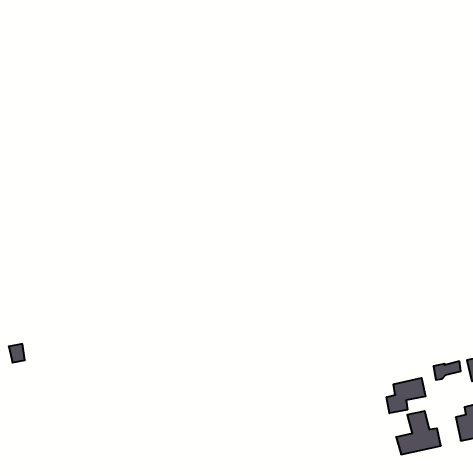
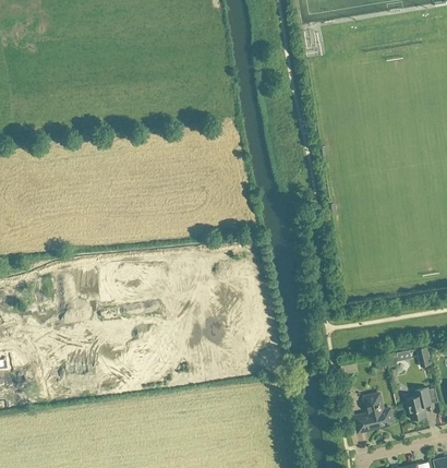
building: [387,378,426,413] -> none

